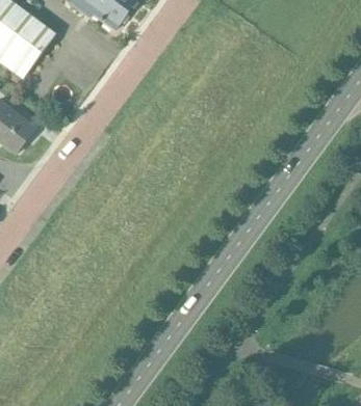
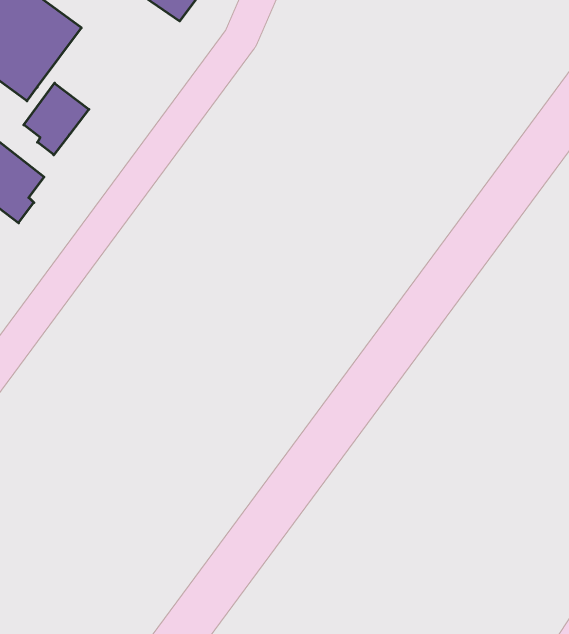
building: none -> [24,83,89,155]

